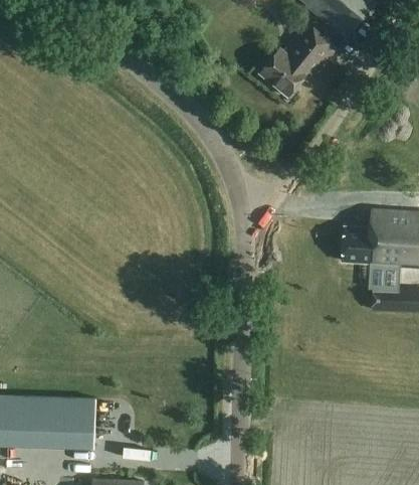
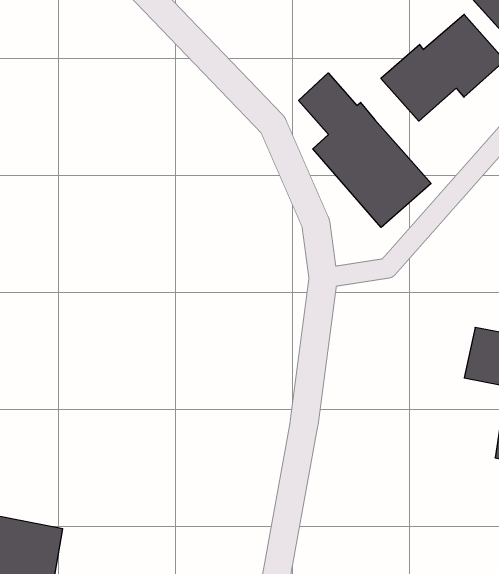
building: none -> [299,73,431,227]

